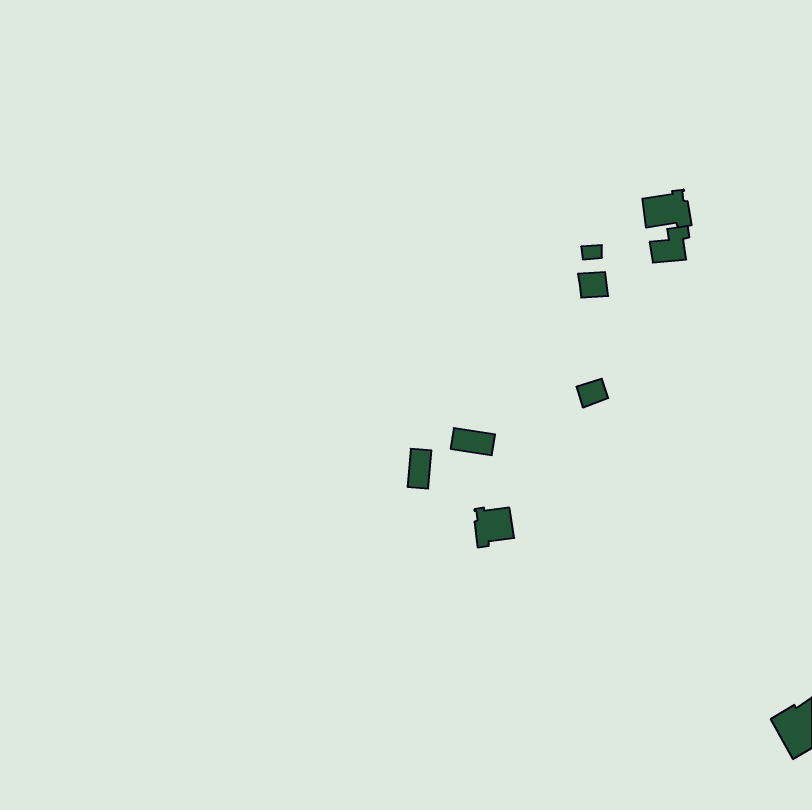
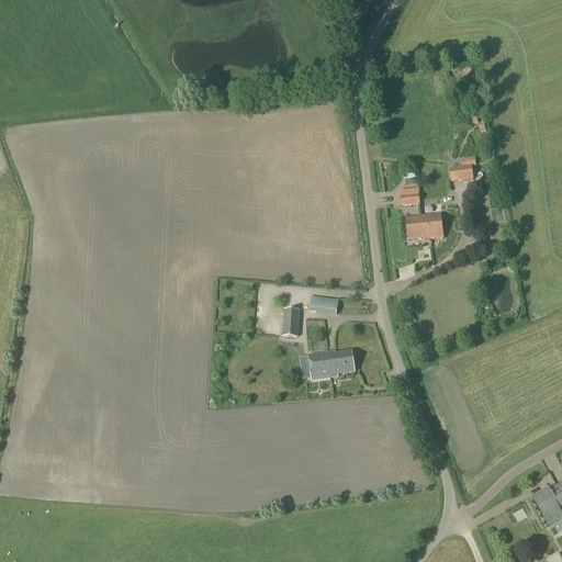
building: [642,189,691,228] -> none
building: none -> [405,213,442,239]
building: none -> [307,351,329,380]

